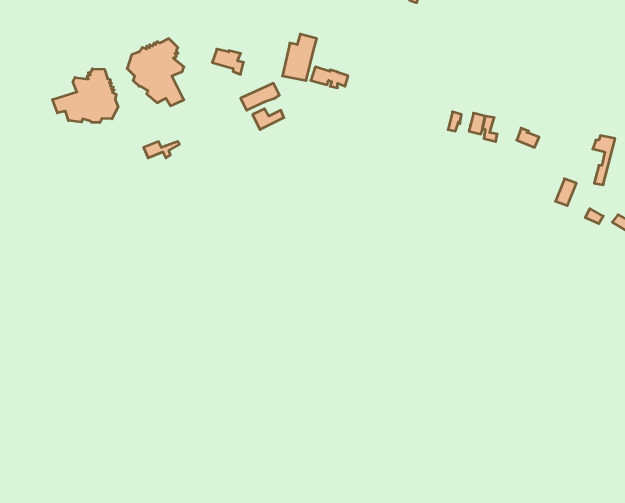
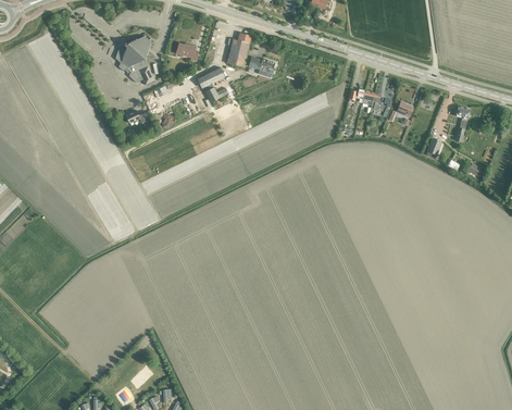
building: [53,69,118,123] -> none

